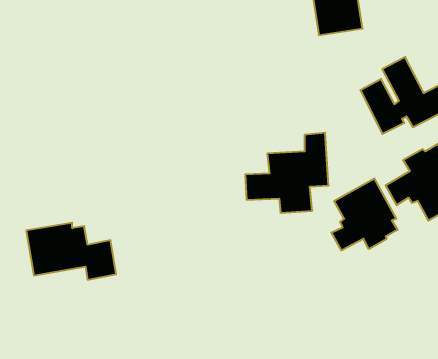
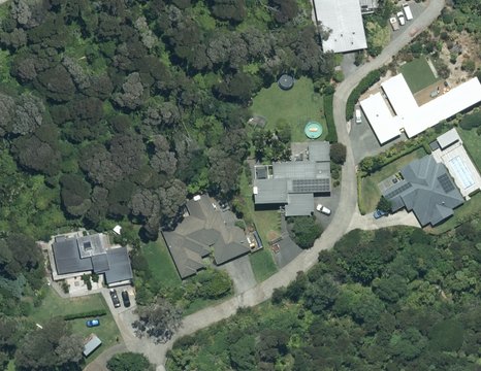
building: [331,178,398,250] -> none
building: none -> [161,192,252,277]

